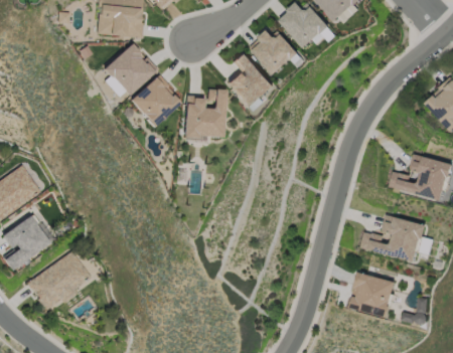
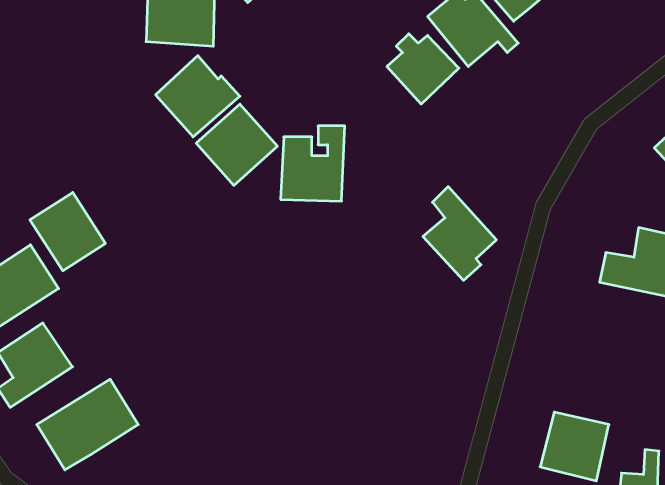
building: [228,51,275,112] -> [423,187,496,280]
building: none -> [30,192,105,271]
building: [361,216,425,261] -> none

